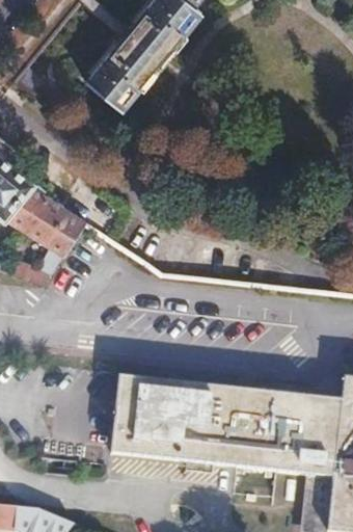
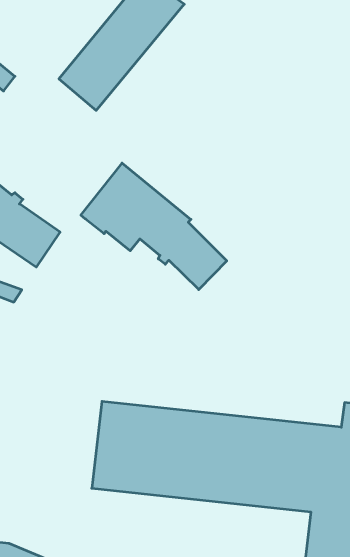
building: none -> [81,163,227,290]

